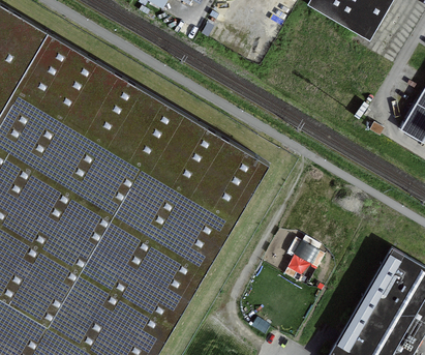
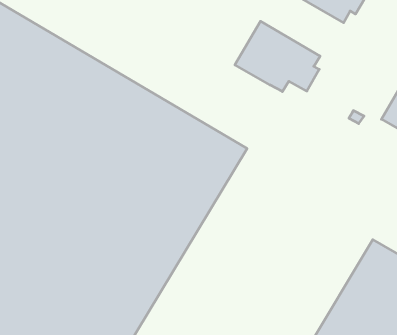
building: none -> [235,21,320,92]

